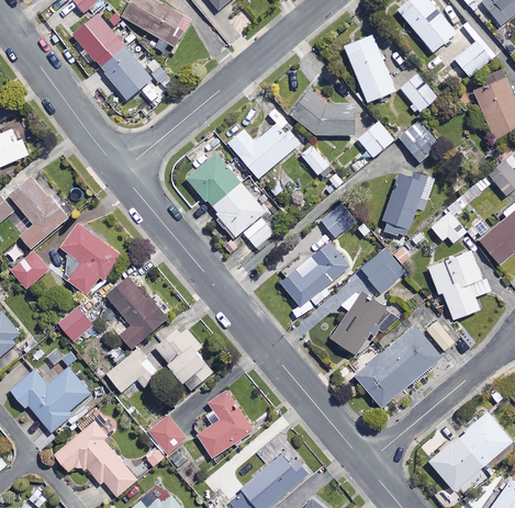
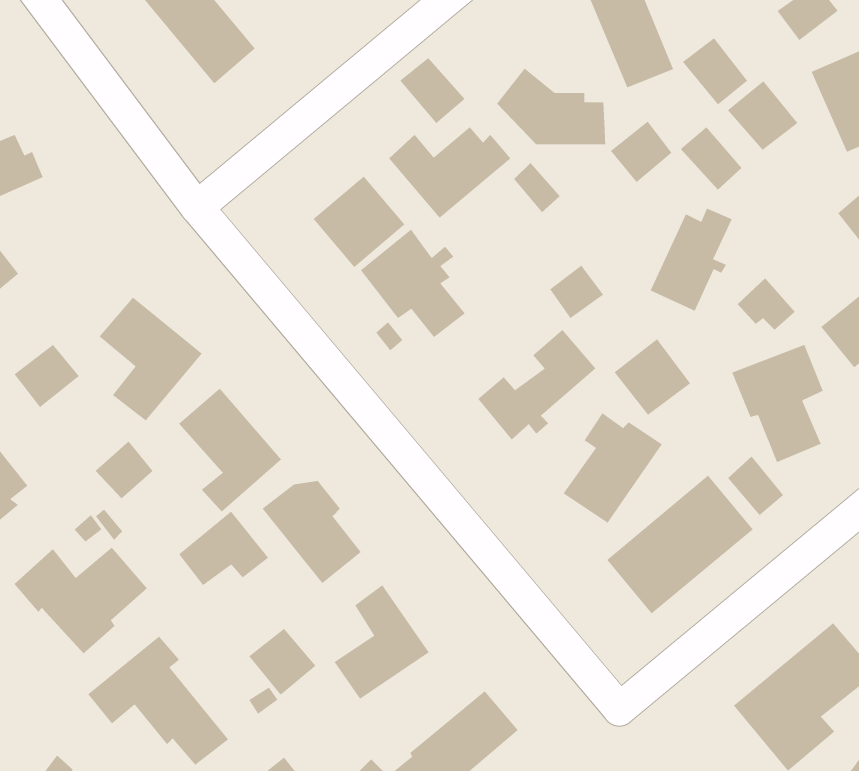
building: none -> [399,57,466,124]
building: none -> [727,80,798,151]
building: [10,176,68,249] -> none

